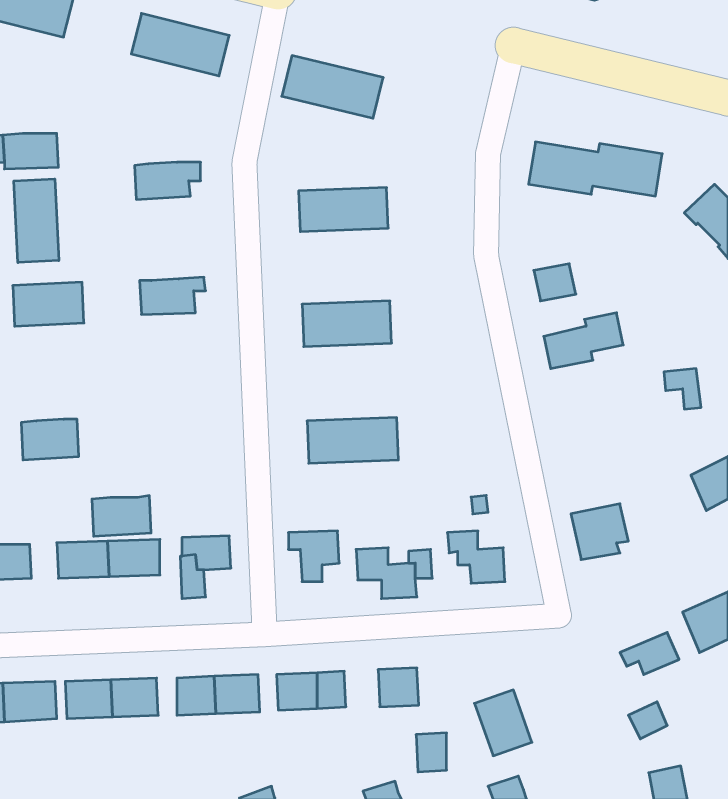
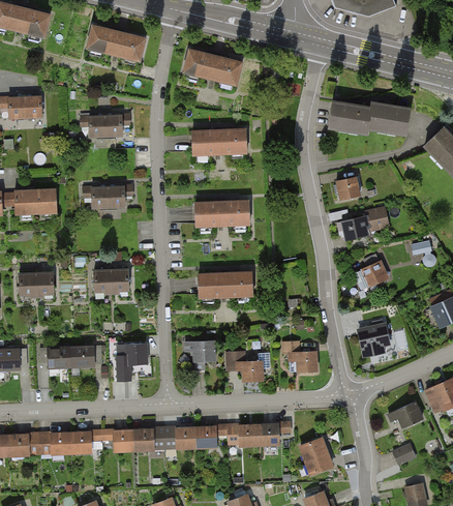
building: [14,179,59,263] -> none
building: none -> [353,259,389,290]
building: [92,496,151,536] -> [93,268,129,293]
building: [416,733,447,772] -> [262,423,280,447]

